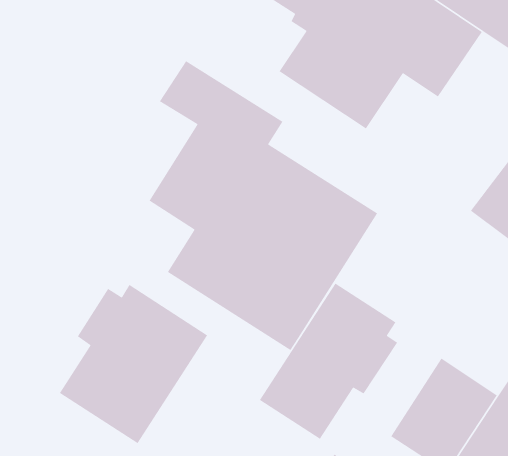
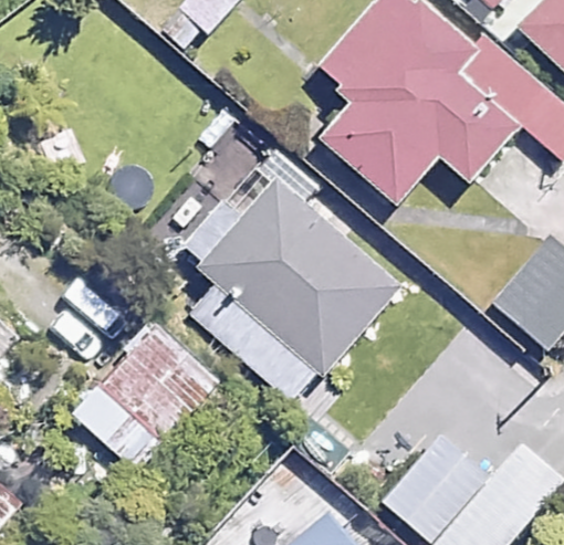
building: [259,283,398,440] -> none

